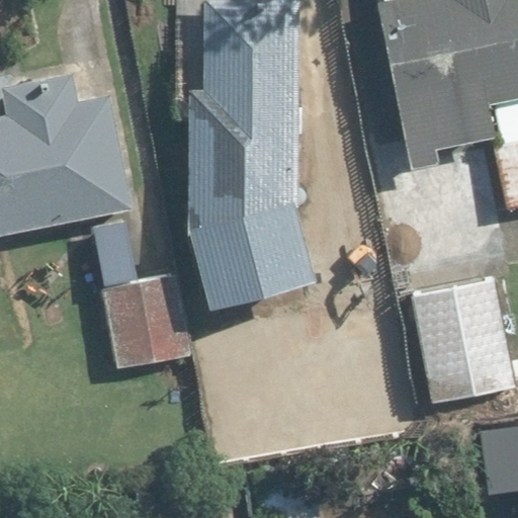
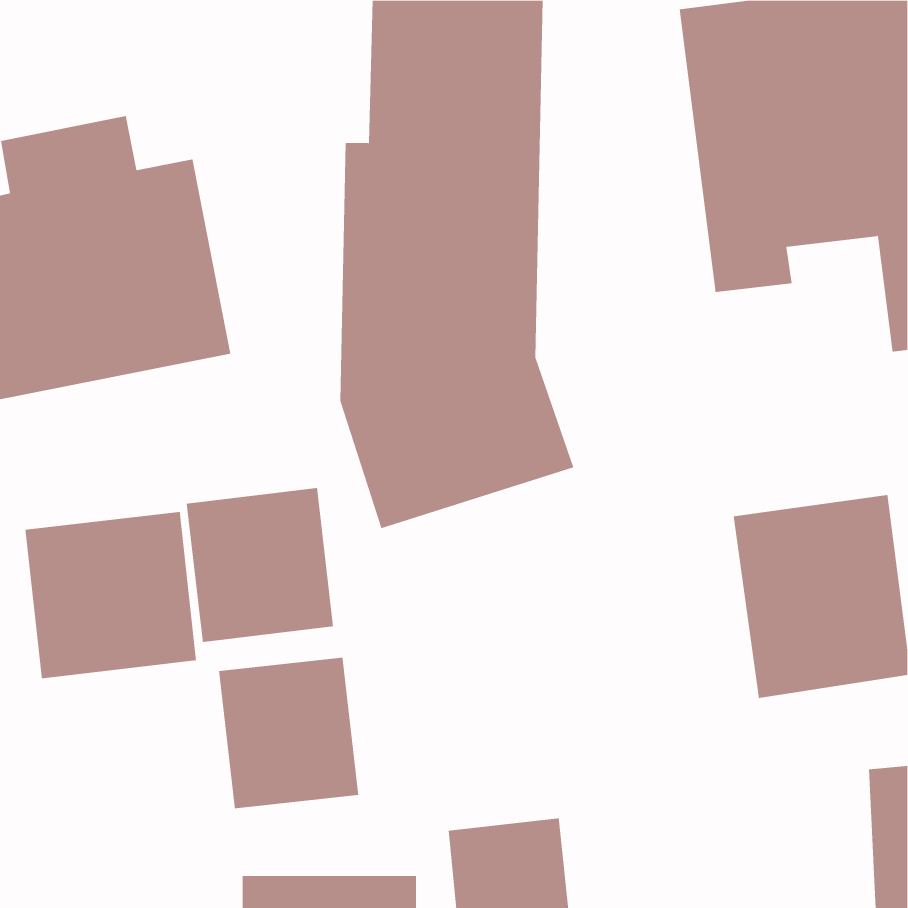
building: none -> [25,511,197,679]
building: none -> [218,657,359,809]

